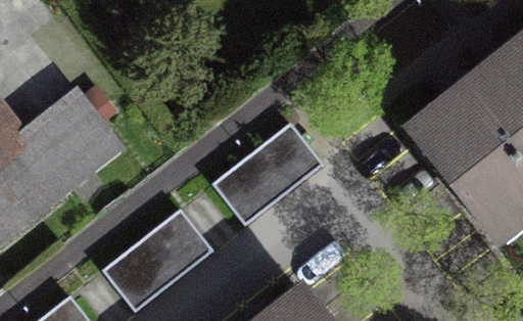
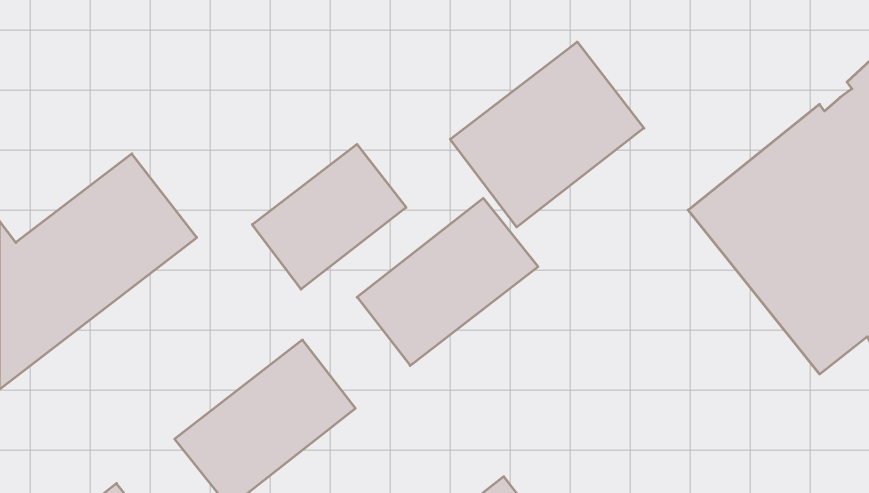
building: none -> [450,42,644,227]
building: none -> [252,144,406,289]

